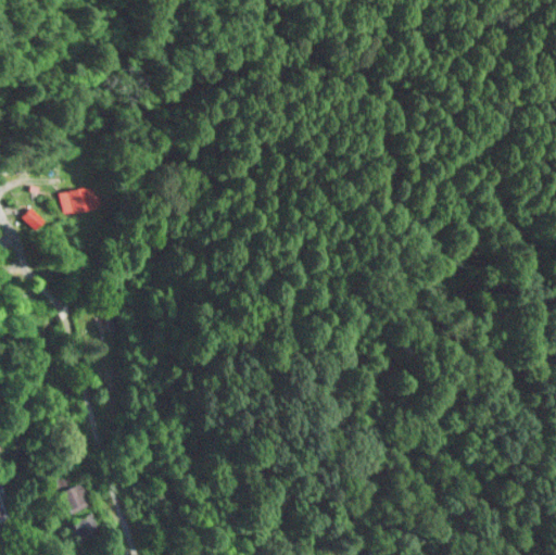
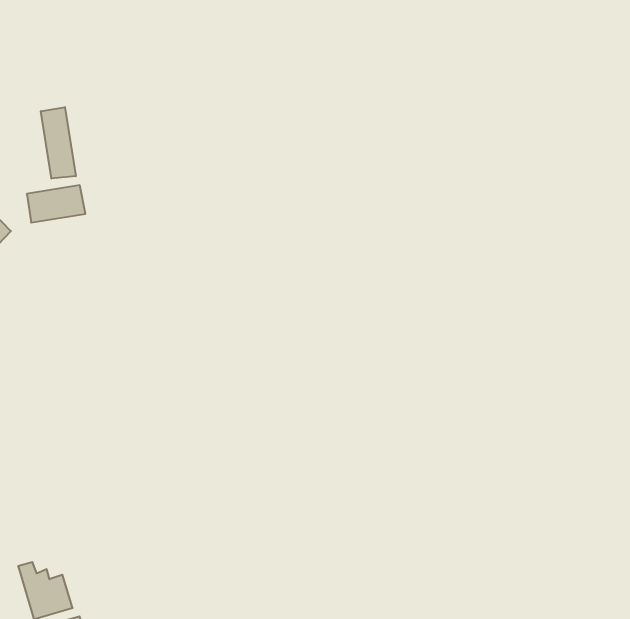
building: none -> [41,107,76,179]

